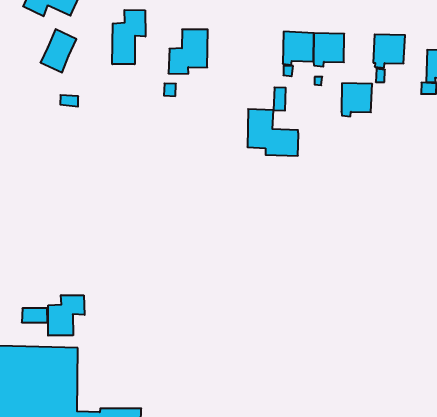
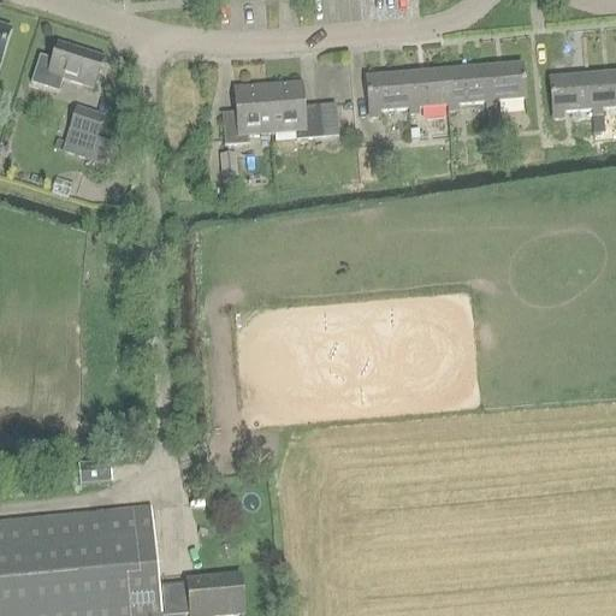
building: [112,10,145,64] -> none
building: [341,83,372,116] -> [442,64,482,108]
building: [247,109,298,156] -> [268,79,338,137]
building: [48,295,85,336] -> none

